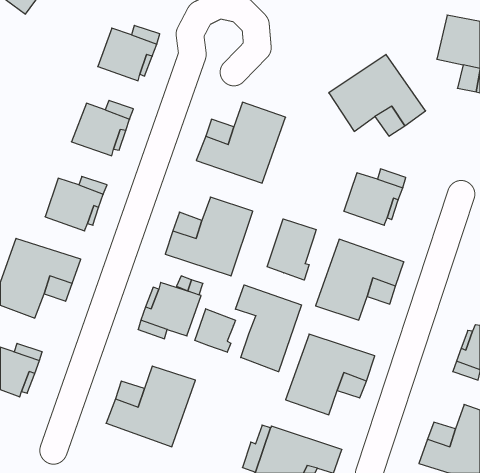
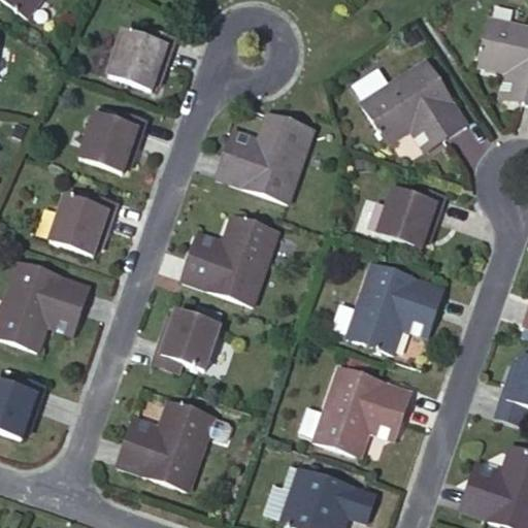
building: [267,219,316,280] -> none
building: [235,285,302,372] -> none
building: [195,309,236,352] -> none

